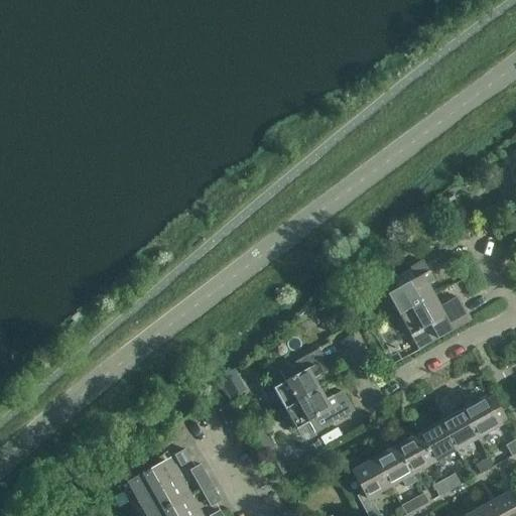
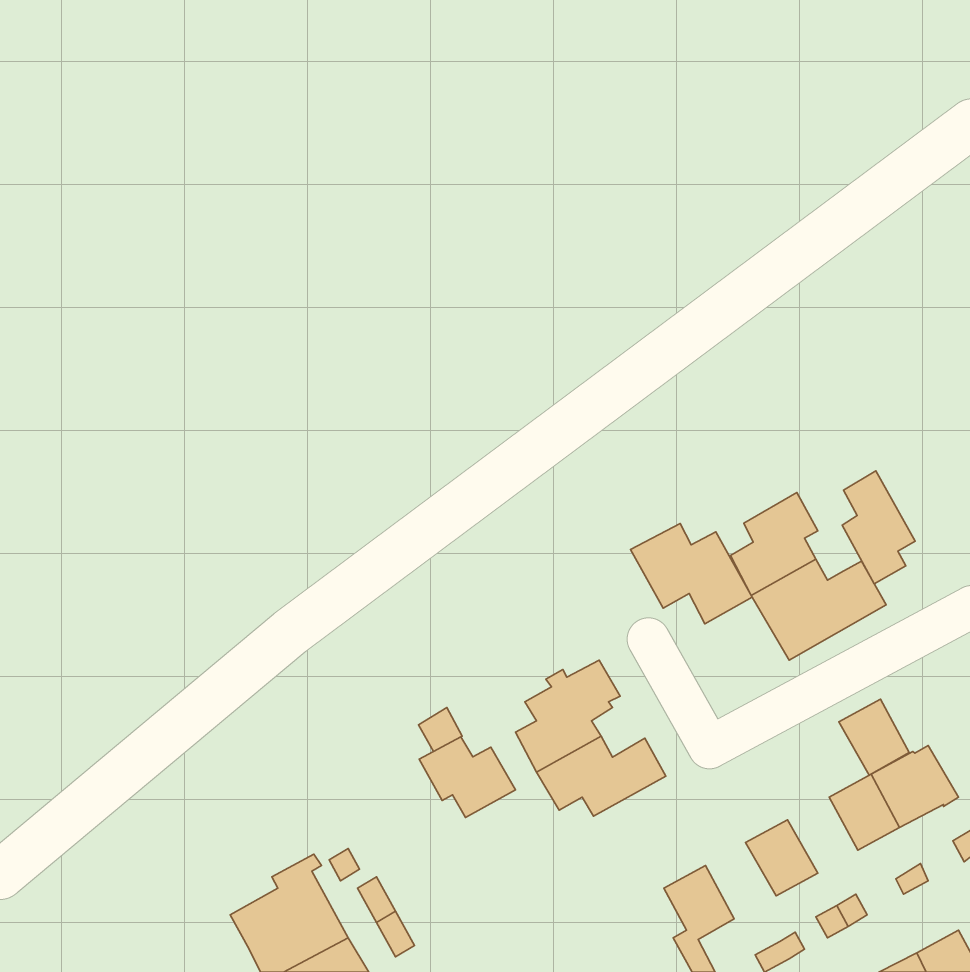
building: none -> [842,471,915,584]
building: none -> [631,523,752,624]
building: none -> [419,737,516,818]
building: [418,422,456,463] -> [839,699,909,775]
building: [375,446,417,490] -> none

